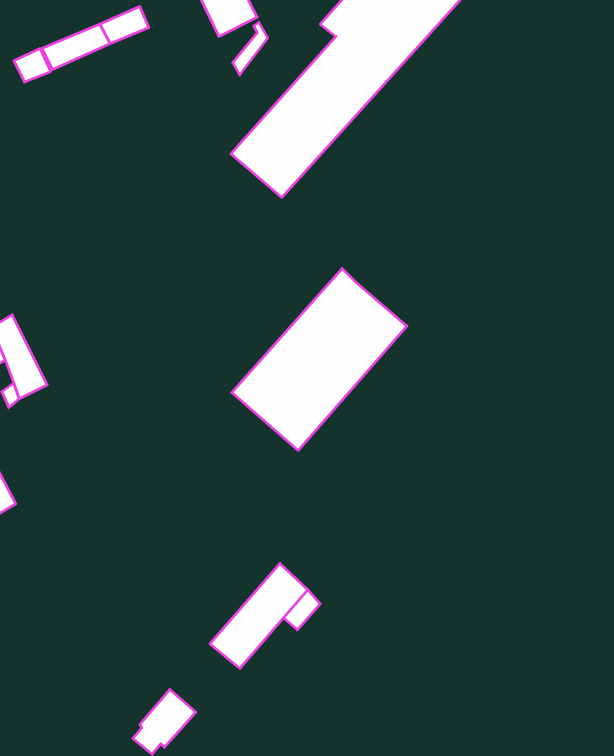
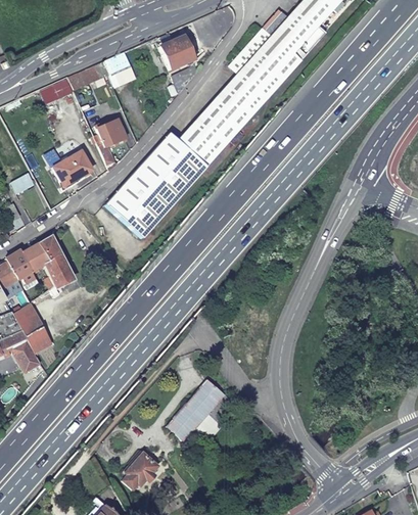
building: none -> [96,119,126,166]
building: none -> [52,150,90,185]
building: [232,268,407,450] -> [105,132,207,238]

